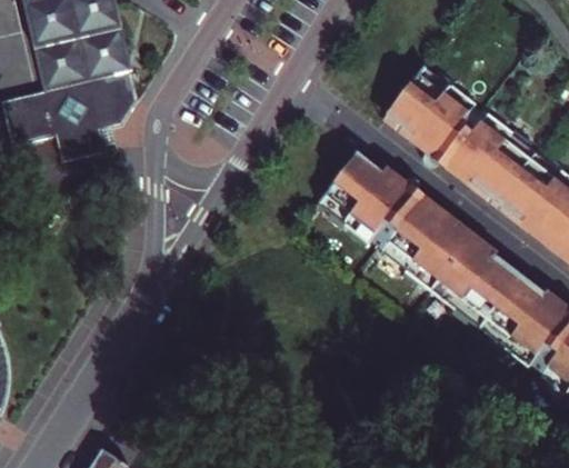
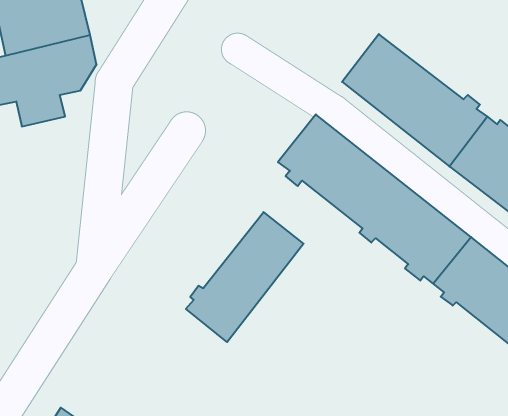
building: none -> [186,212,304,342]

